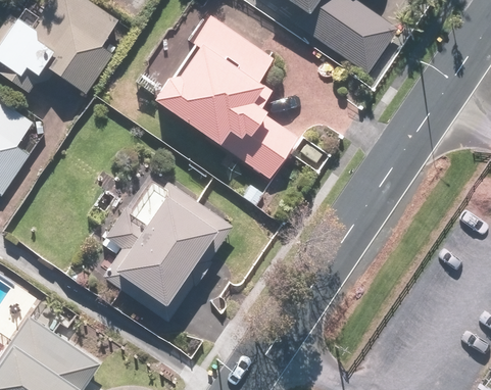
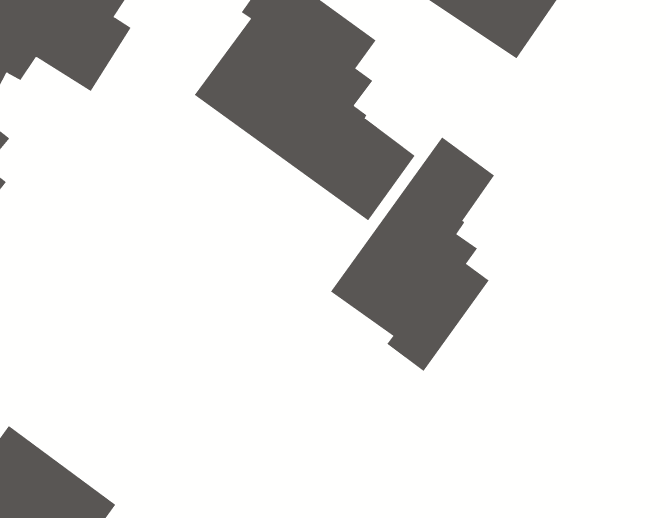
building: none -> [330,137,495,372]
building: [97,172,231,322] -> none

